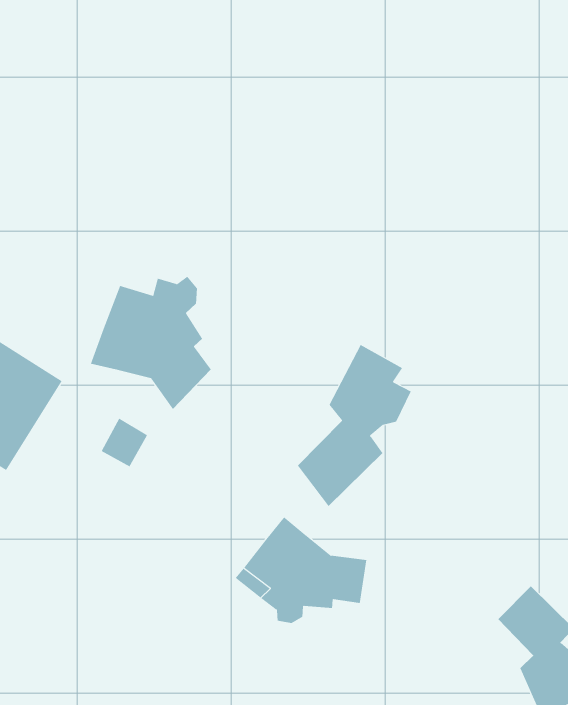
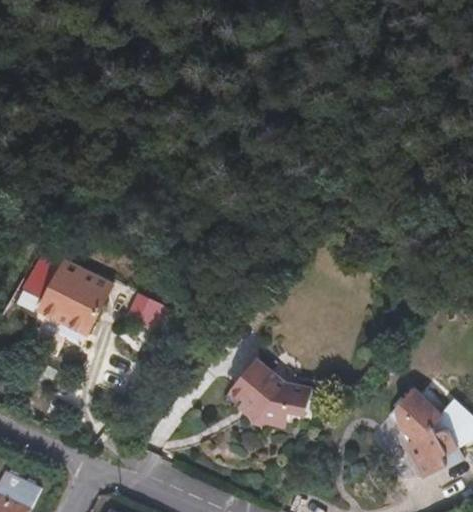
building: [90,276,212,410] -> none
building: [297,344,412,507] -> none

